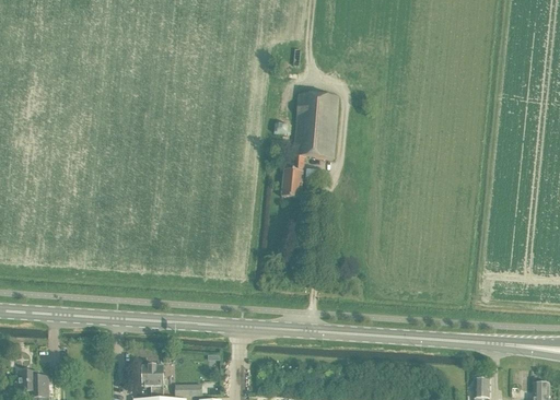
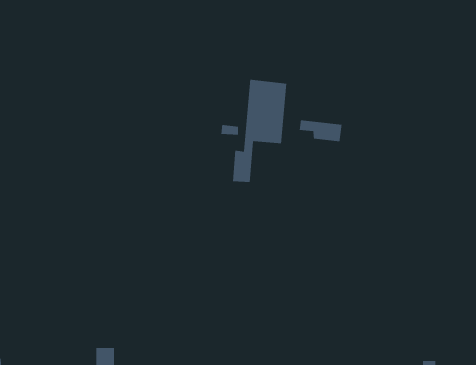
building: none -> [299,119,342,142]

